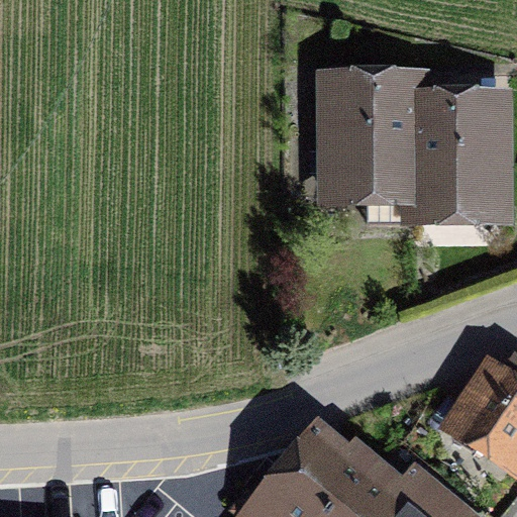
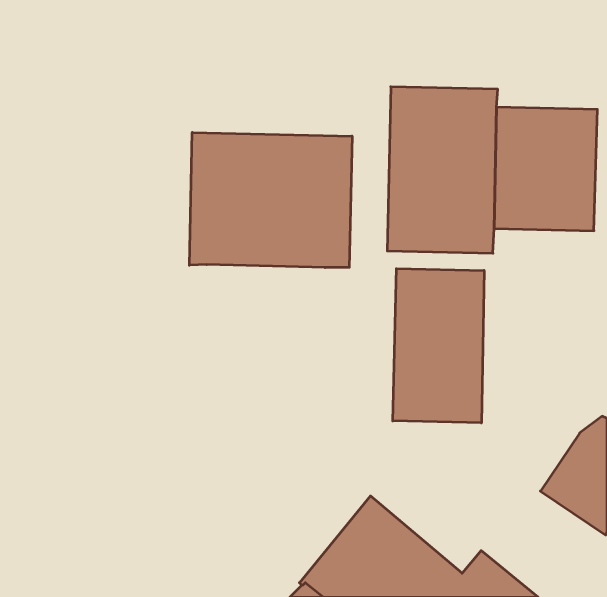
building: none -> [189,132,352,268]
building: none -> [393,269,484,423]

